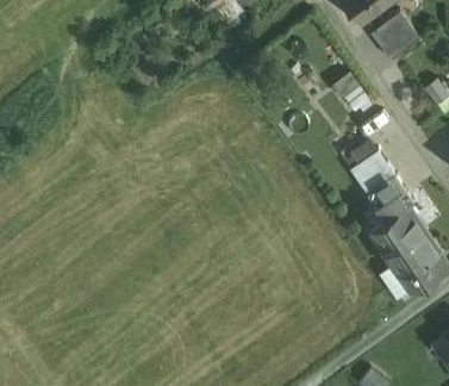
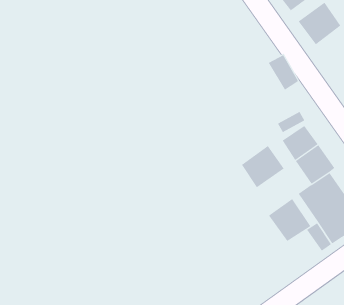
building: none -> [241,145,284,188]
building: none -> [268,198,311,242]

